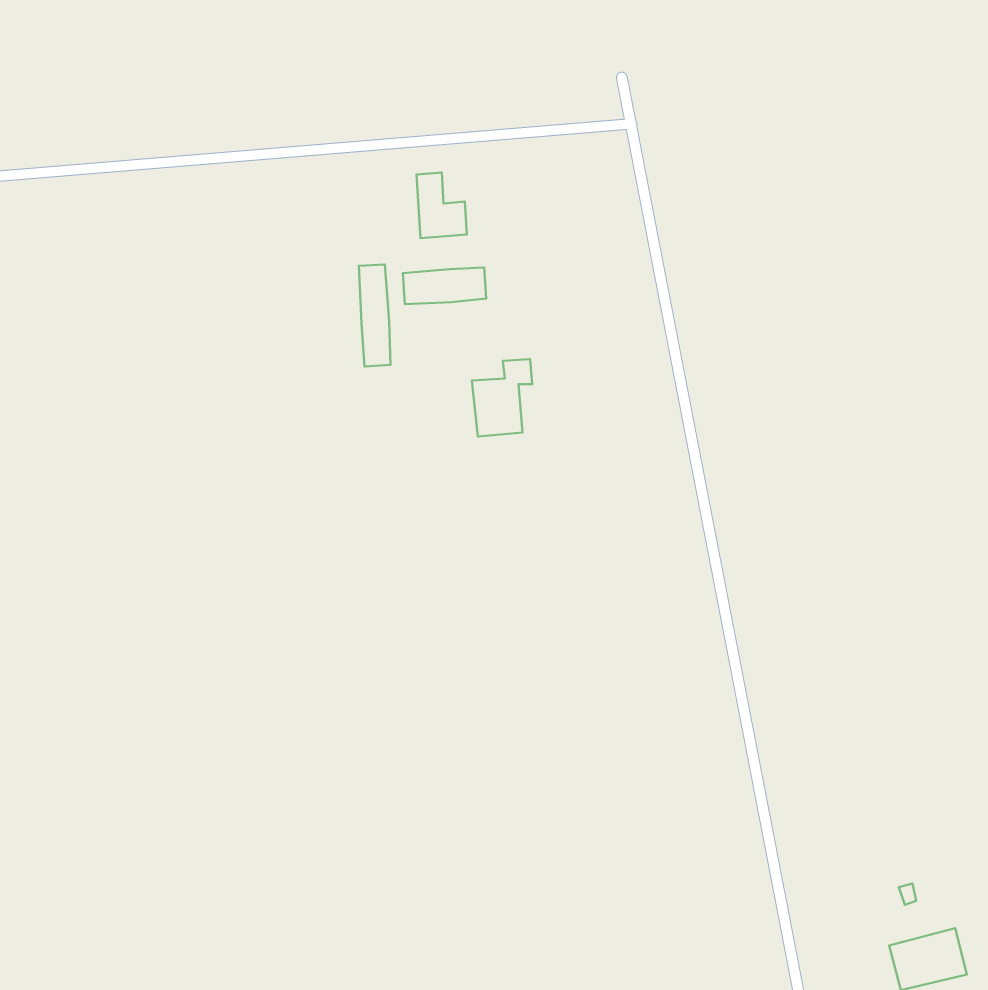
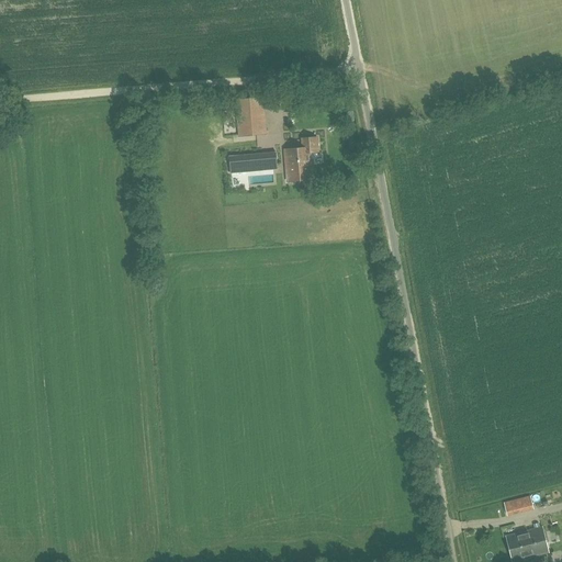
building: [359,264,391,367] -> none
building: [472,359,532,437] -> [283,137,317,181]

